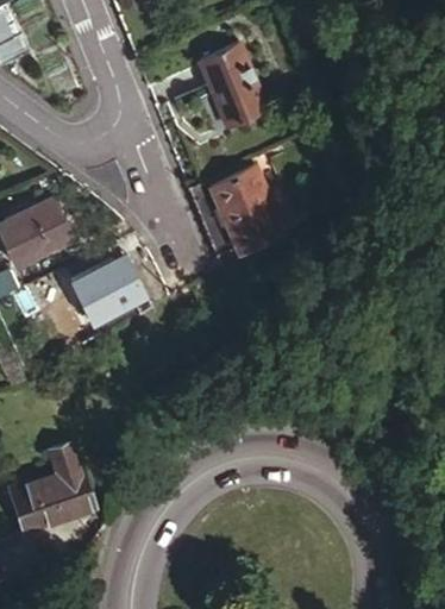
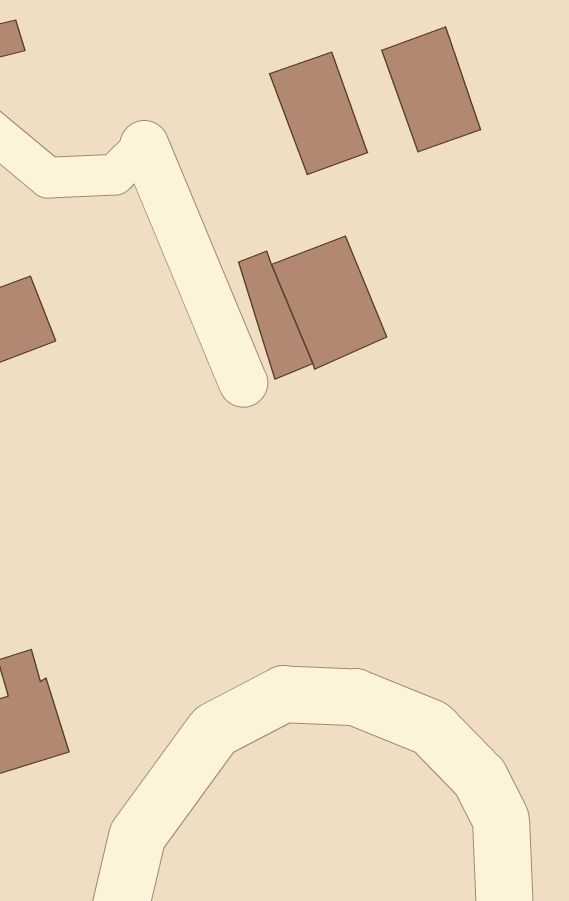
building: none -> [382,27,480,152]
building: [70,259,136,325] -> none

